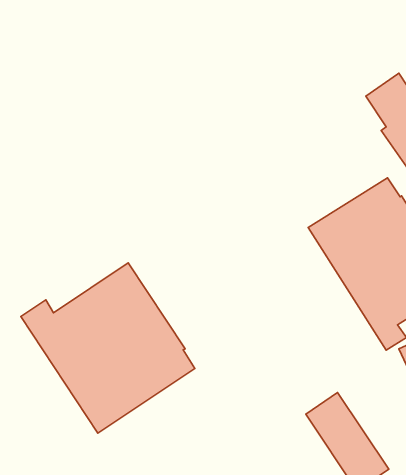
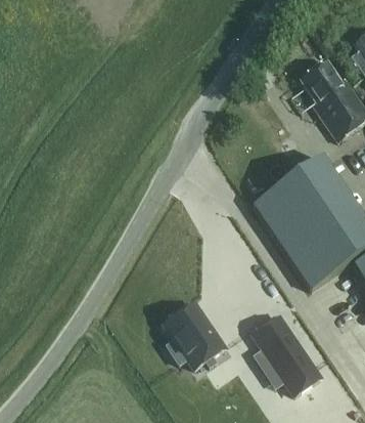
building: [21,263,195,433] -> none
building: none -> [164,305,223,370]

